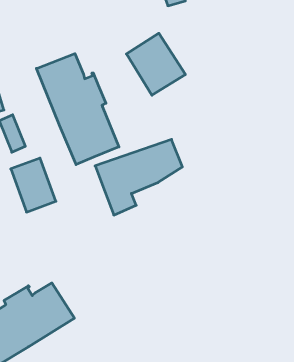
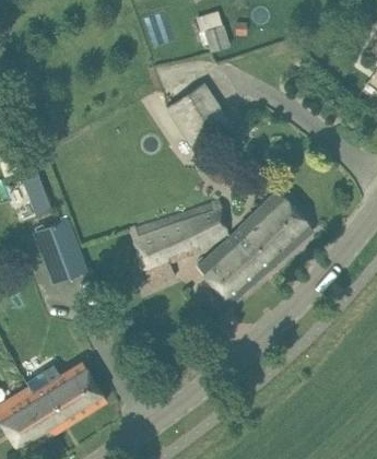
building: [36,54,119,165] -> none
building: none -> [200,189,313,305]

